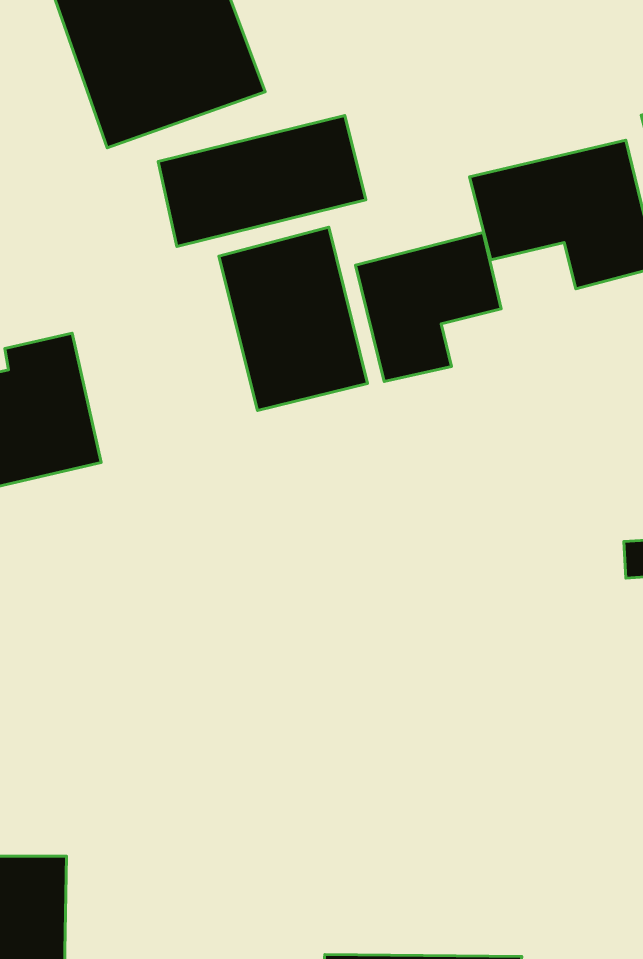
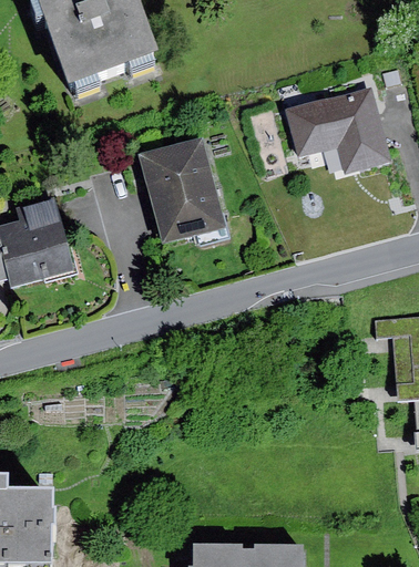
building: [158,116,366,246] -> none
building: [356,232,501,382] -> none

